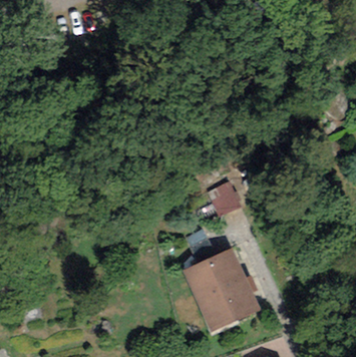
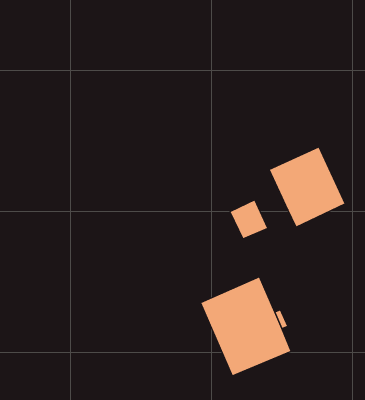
building: none -> [269,147,345,227]

